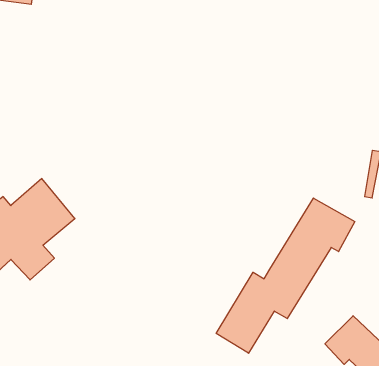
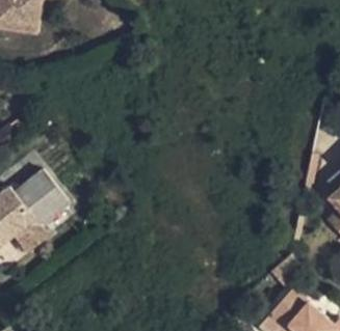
building: [216,198,355,353] -> none

